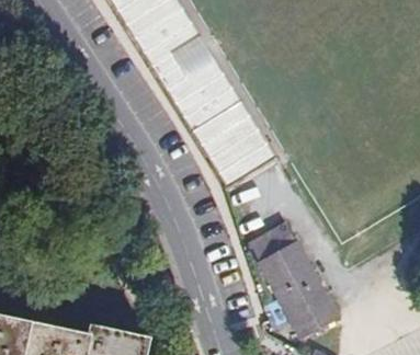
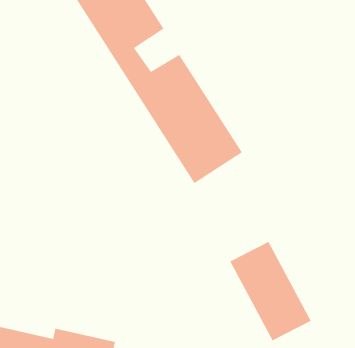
building: [169,34,212,75] -> none
building: [250,219,298,259] -> none

